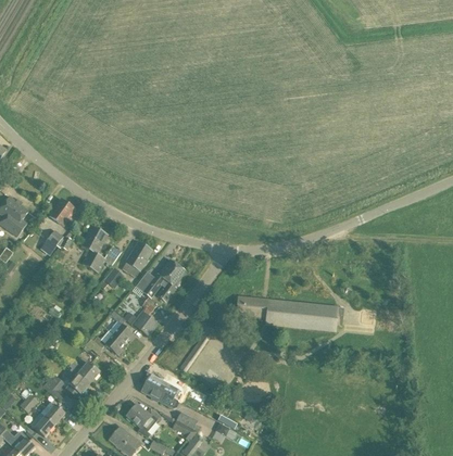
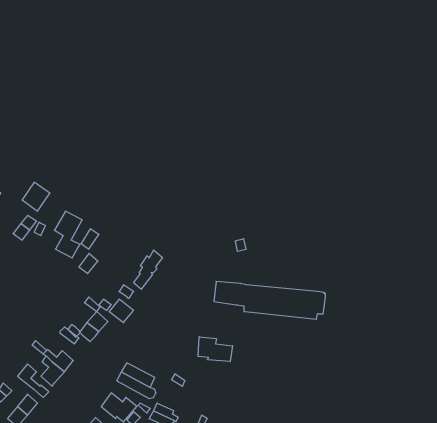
building: [122,241,151,274] -> none
building: [131,259,176,297] -> none
building: none -> [198,337,233,362]

